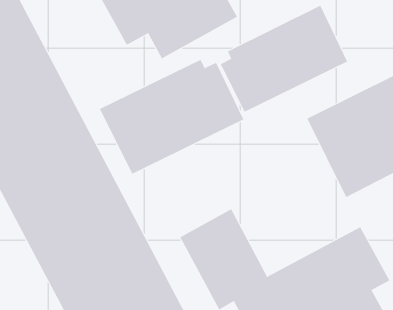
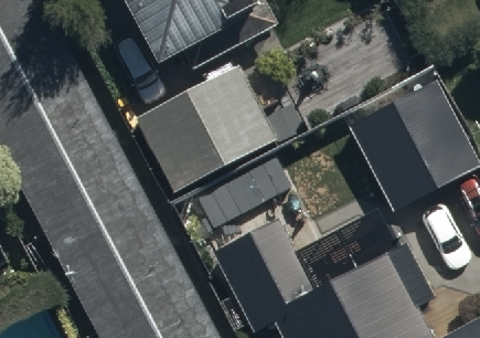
building: [220,5,348,113] -> none

